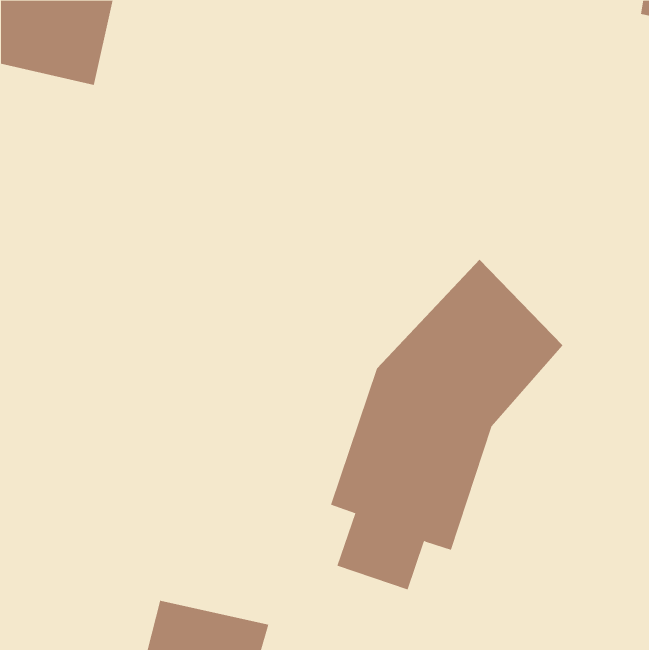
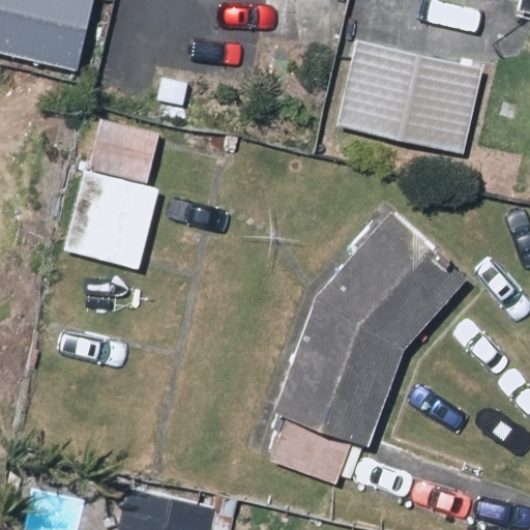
building: none -> [336,42,479,154]
building: none -> [76,119,164,274]

